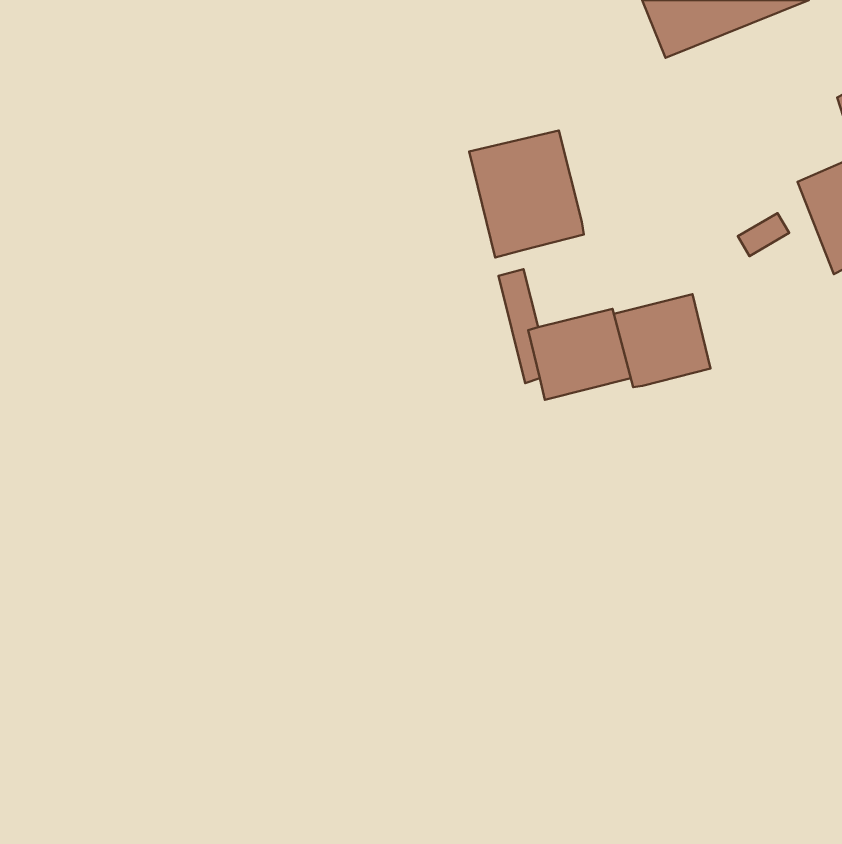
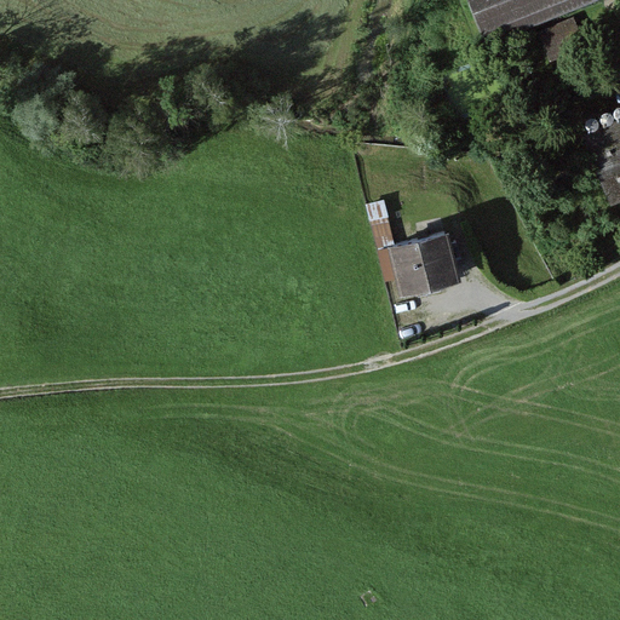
building: [469,130,584,257] -> none
building: [614,294,710,387] -> none

